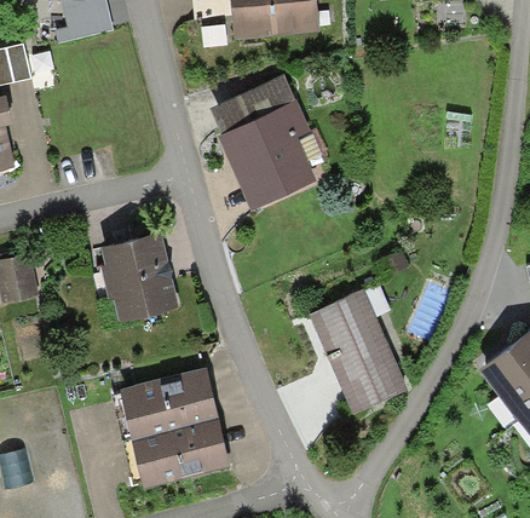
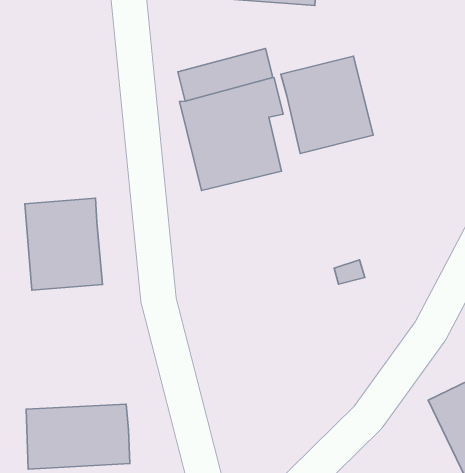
building: none -> [281,56,373,153]
building: [307,281,405,404] -> none
building: [119,359,217,428] -> none

